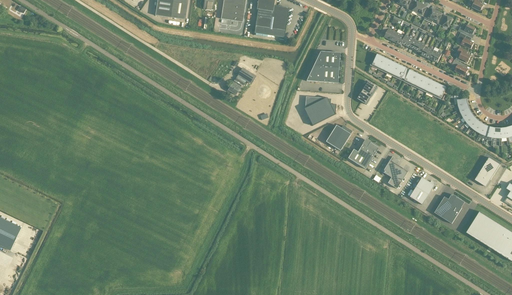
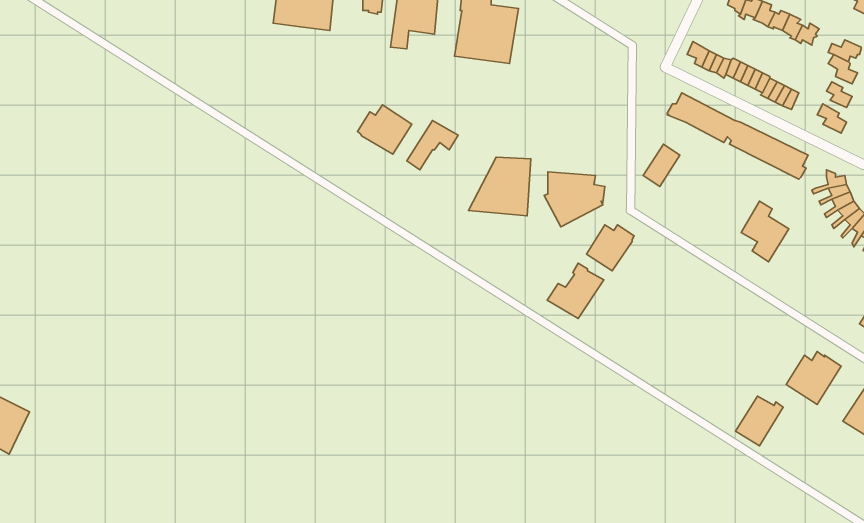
building: [305,50,339,82] -> [469,157,531,216]
building: none -> [358,105,412,154]
building: [347,137,378,167] -> [547,263,604,318]
building: [381,155,407,188] -> [741,201,789,262]
building: [408,176,434,203] -> [736,396,783,446]

